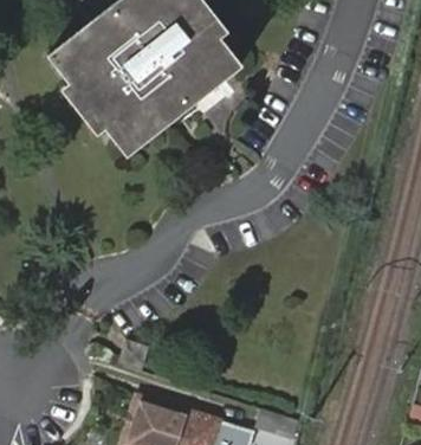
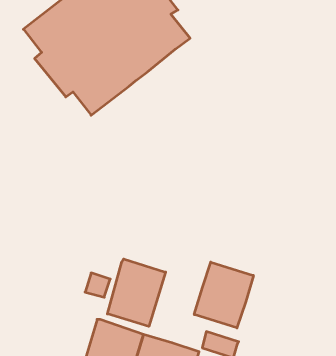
building: none -> [107,259,166,326]
building: none -> [194,262,253,328]

